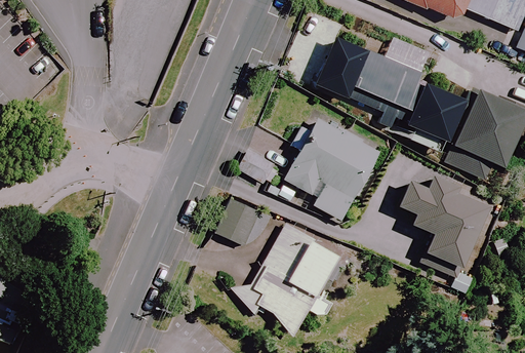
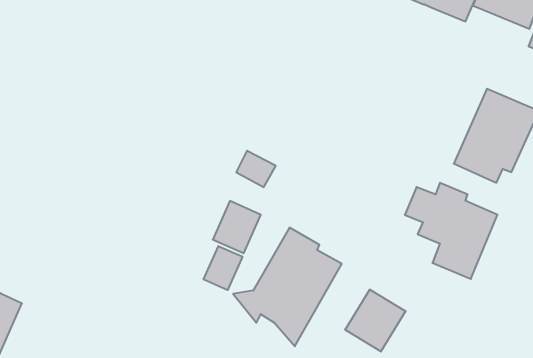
building: [321,39,460,139] -> none
building: [285,118,380,221] -> none
building: none -> [204,246,242,290]
building: none -> [345,289,406,352]

